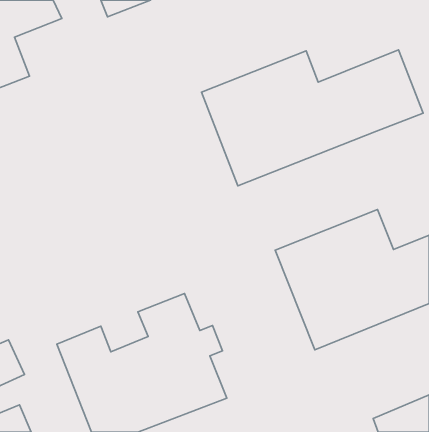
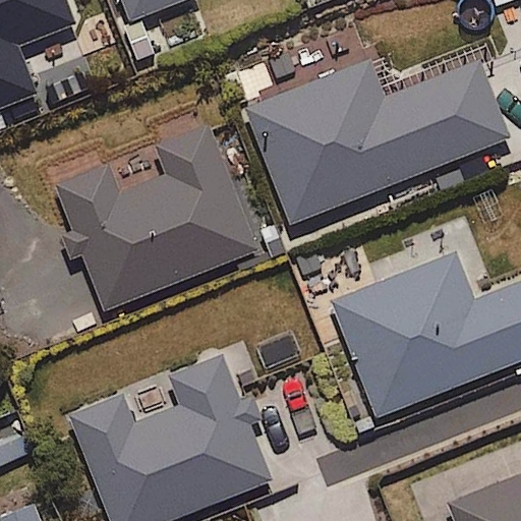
building: none -> [56,124,258,309]

